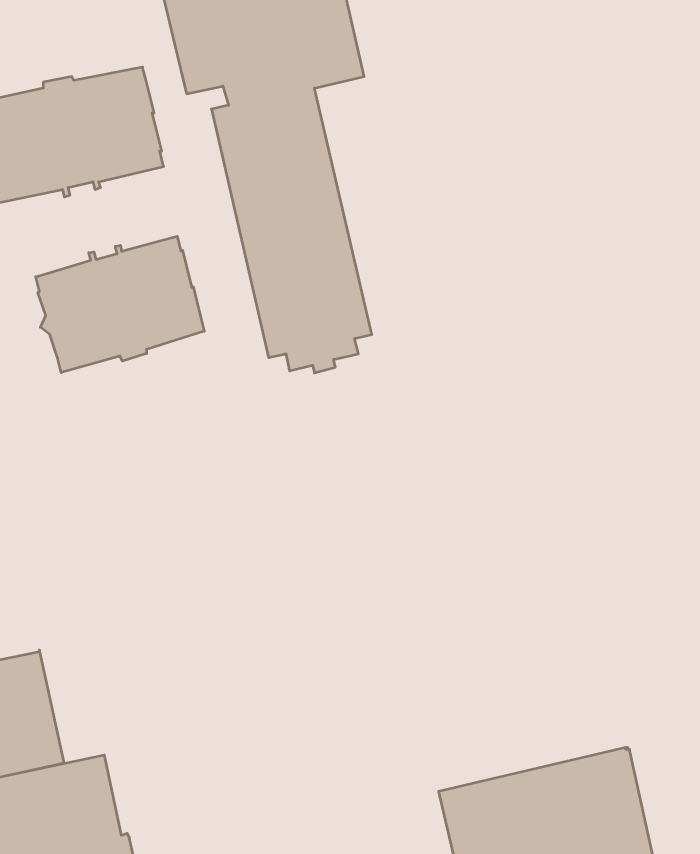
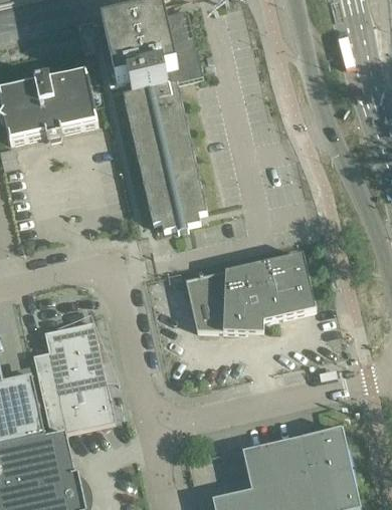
building: [36,236,204,373] -> none
building: none -> [184,253,315,331]
building: none -> [32,321,114,435]

